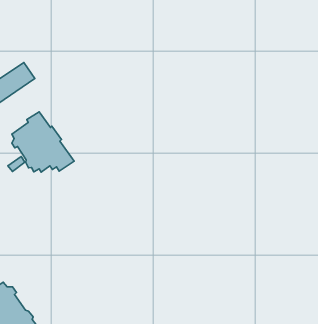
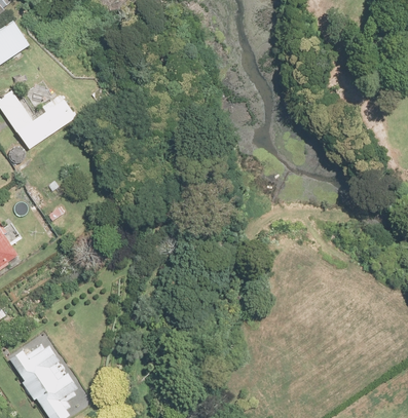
building: [12,112,74,172] -> none

